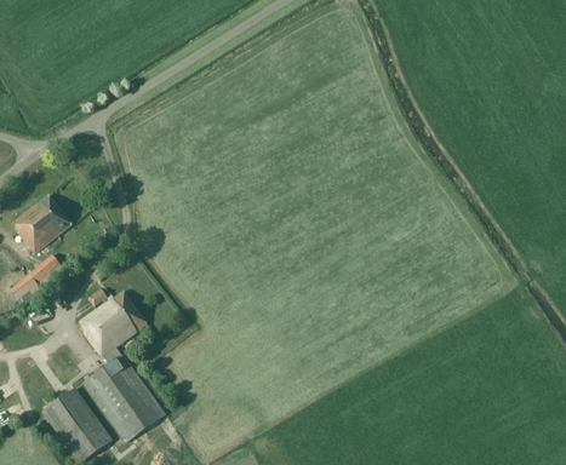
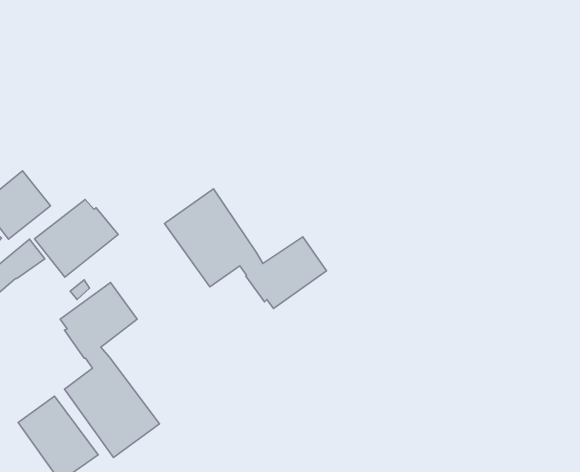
building: none -> [165,189,327,309]
building: none -> [34,199,118,277]

